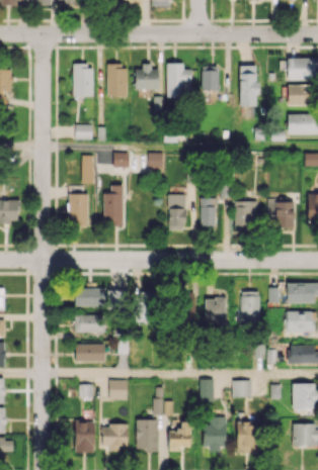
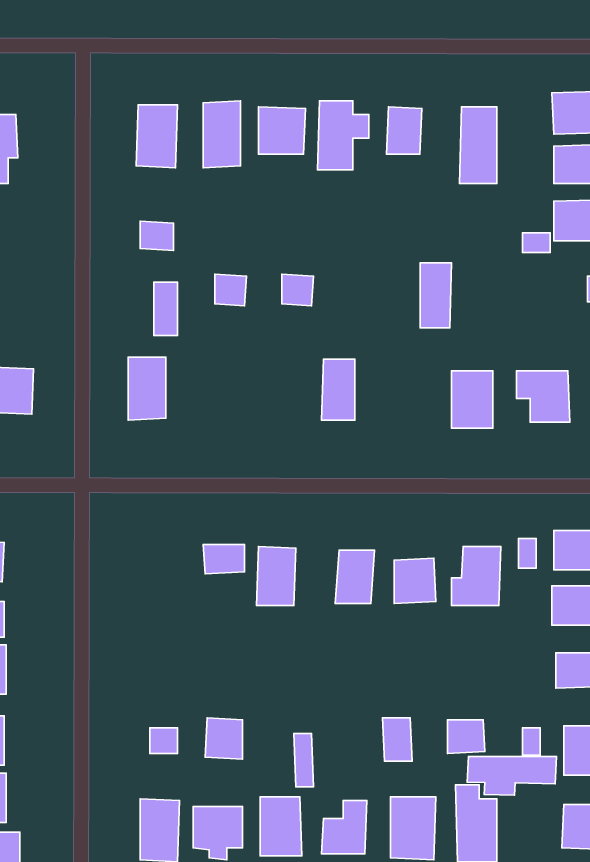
building: [103,185,124,226] -> none
building: [201,198,217,231] -> [420,263,452,328]
building: [75,288,105,306] -> none
building: [75,314,104,333] -> none
building: [75,344,105,362] -> none
building: none -> [467,756,556,795]

